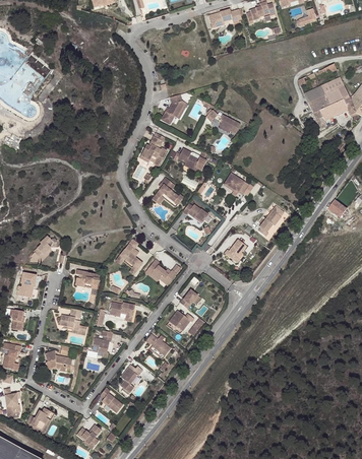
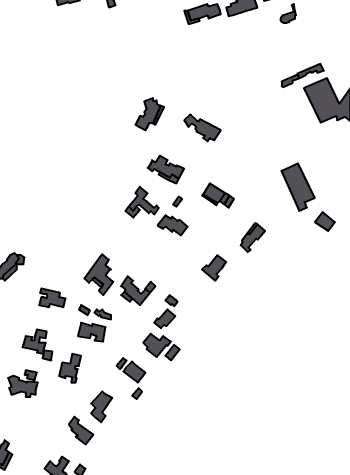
building: [302,85,333,129] -> [281,163,315,211]
building: [142,131,168,165] -> none

